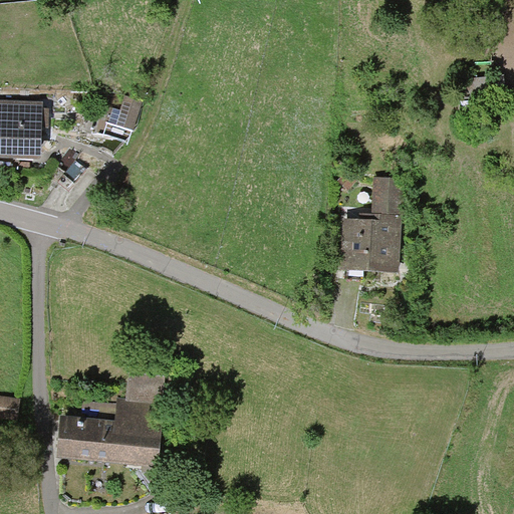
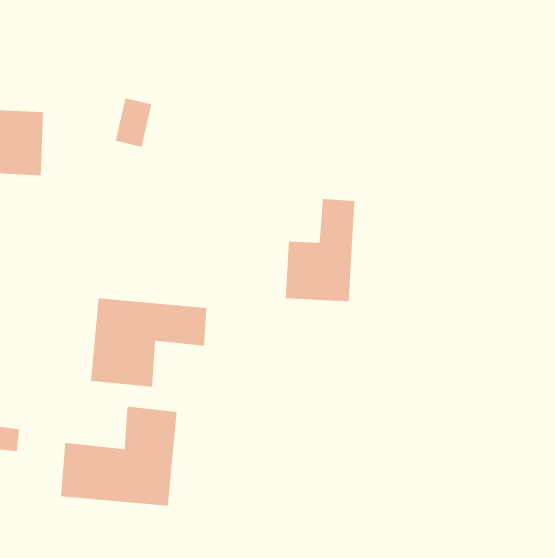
building: [339,178,404,273] -> [285,198,355,302]
building: none -> [90,298,207,388]

